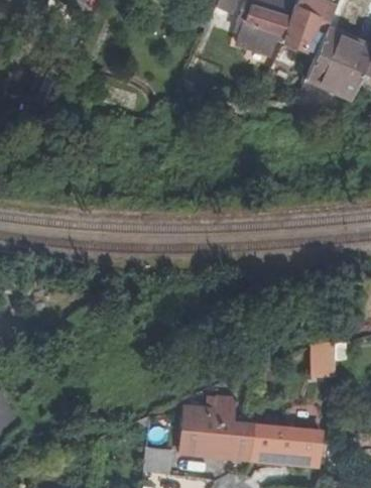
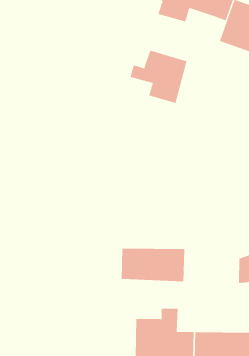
building: none -> [130,50,187,104]
building: none -> [121,248,185,282]

